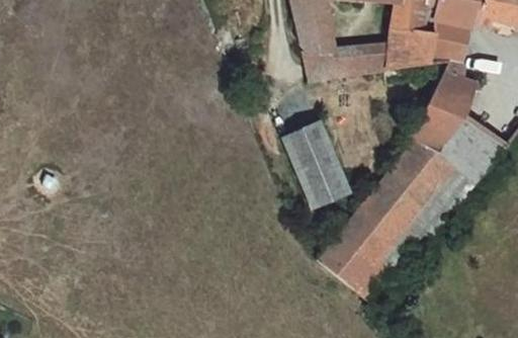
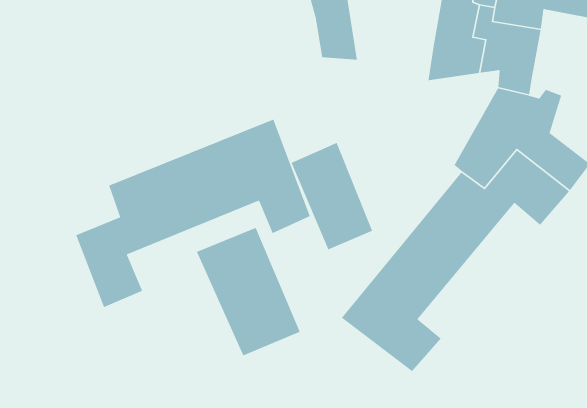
building: [304,41,391,79] -> none
building: none -> [75,119,311,308]
building: none -> [196,227,301,357]

